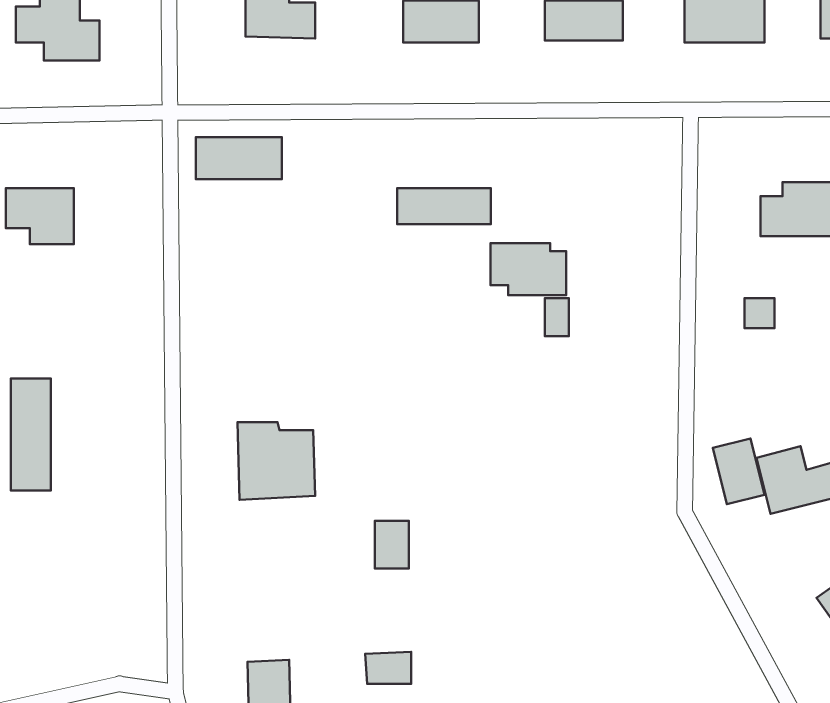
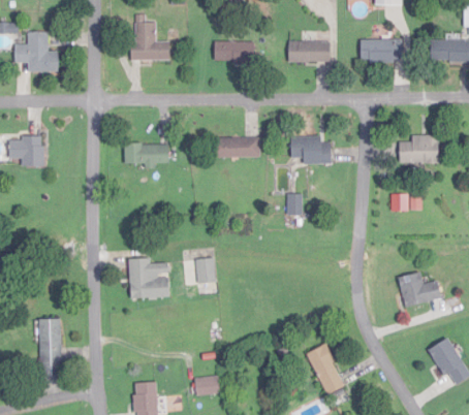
building: [196,137,282,179] -> [124,142,168,164]
building: [490,243,566,295] -> [291,136,331,163]
building: [11,379,51,490] -> [40,318,61,376]
building: [713,438,765,504] -> none
building: [375,521,409,569] -> [197,258,215,283]
building: none -> [307,343,345,393]

